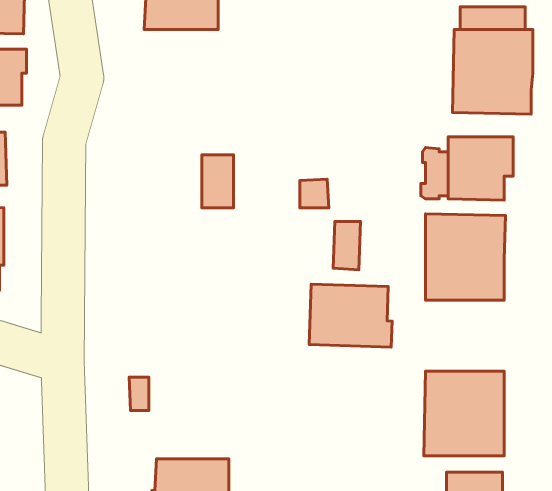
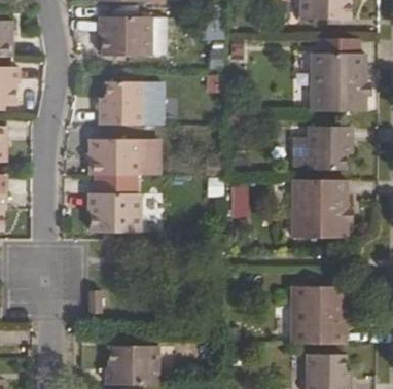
building: none -> [98,81,160,125]
building: none -> [88,139,139,175]
building: none -> [87,193,139,232]
building: [309,284,392,347] -> none

